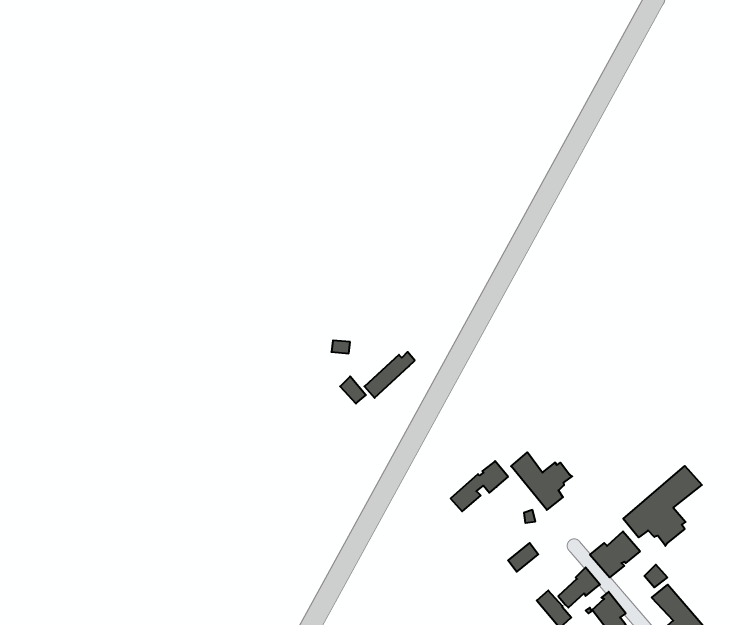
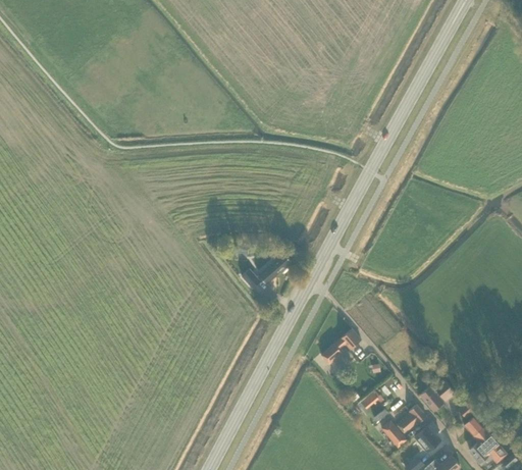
building: [511,452,572,510] -> none
building: [623,466,702,546] -> none

